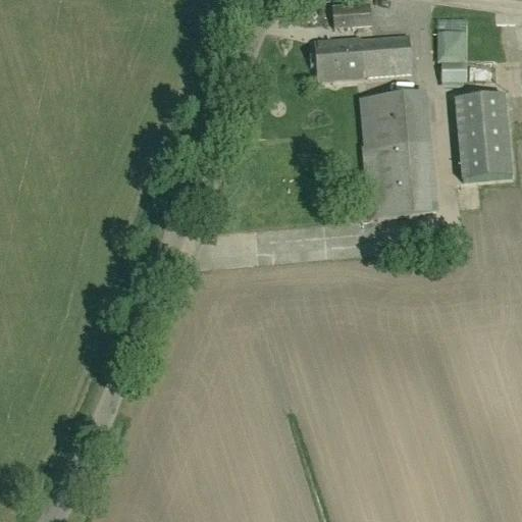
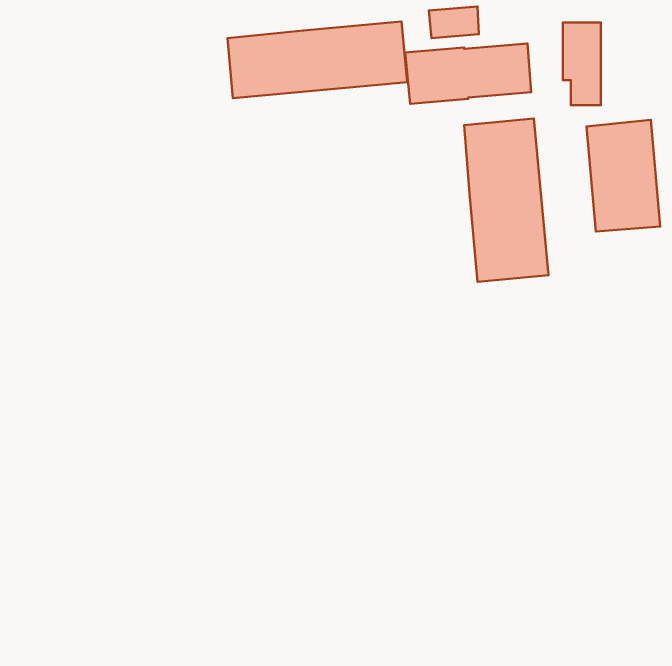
building: none -> [228,21,407,98]

